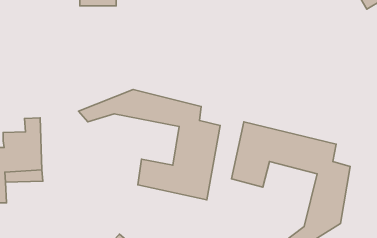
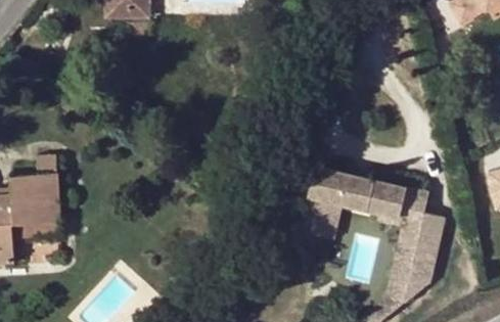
building: [78,90,220,200] -> none

